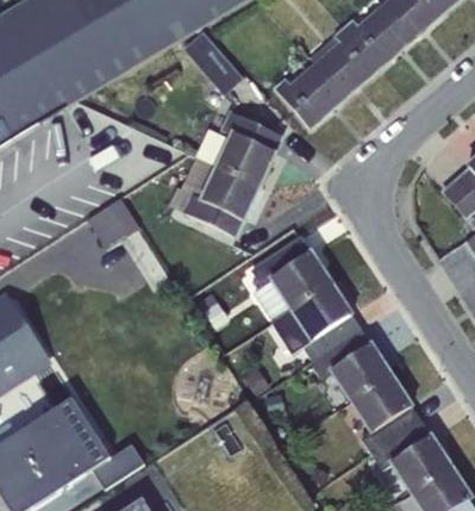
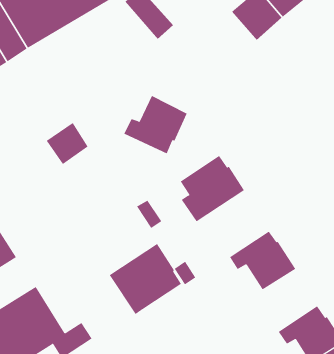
building: [274,60,345,126] -> none
building: [217,110,282,185] -> none
building: [271,279,361,367] -> [109,243,182,315]
building: [352,375,420,453] -> none

